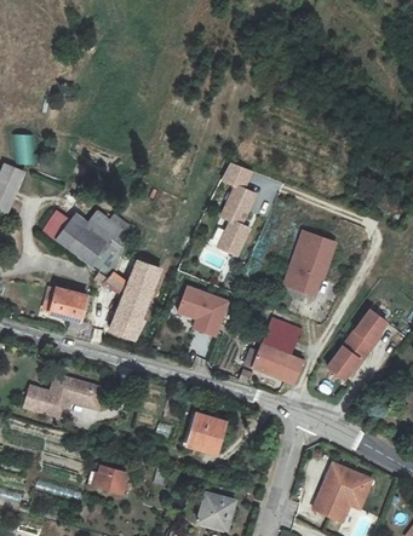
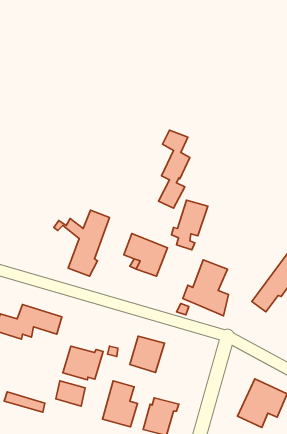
building: [44,209,132,278] -> none
building: [288,234,332,293] -> [171,200,208,250]
building: [45,286,86,334] -> none
building: none -> [63,346,103,380]
building: none -> [102,381,138,427]

